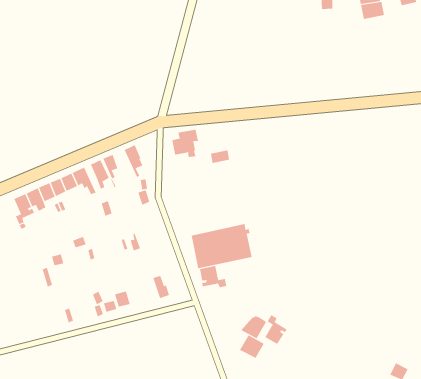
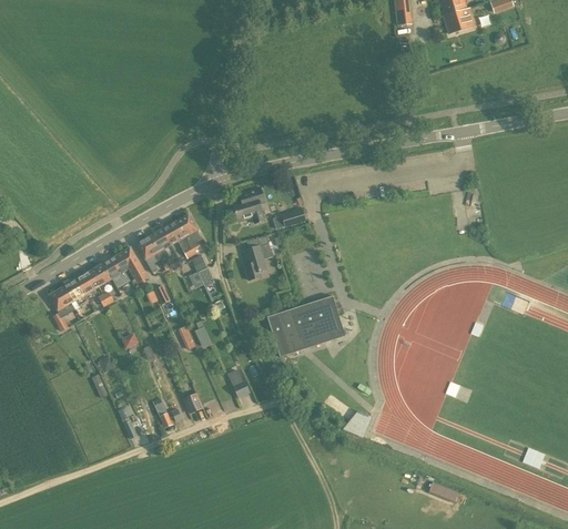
building: none -> [163,222,194,258]
building: none -> [244,235,273,279]
building: [199,265,227,288] -> none
building: [264,315,287,345] -> none
building: [239,334,264,359] -> none

